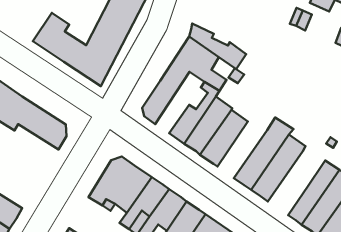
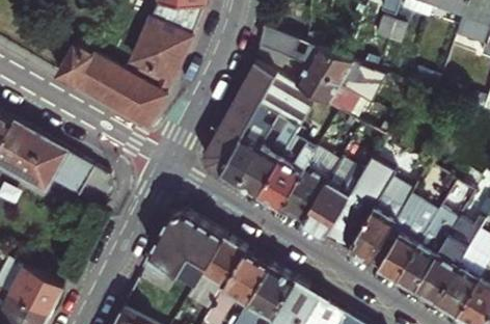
building: none -> [262,25,377,101]
building: none -> [222,104,281,183]
building: none -> [304,158,364,235]
building: none -> [371,195,437,277]

